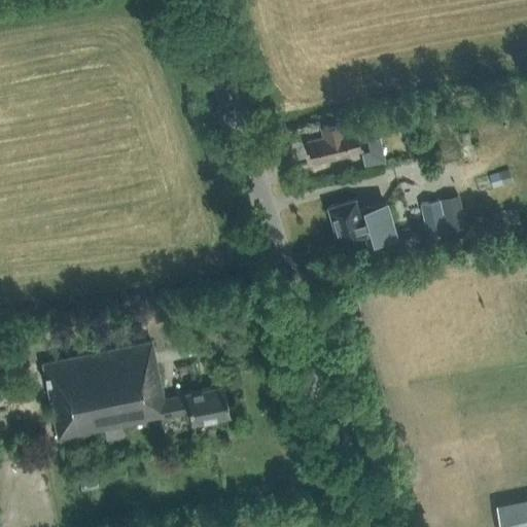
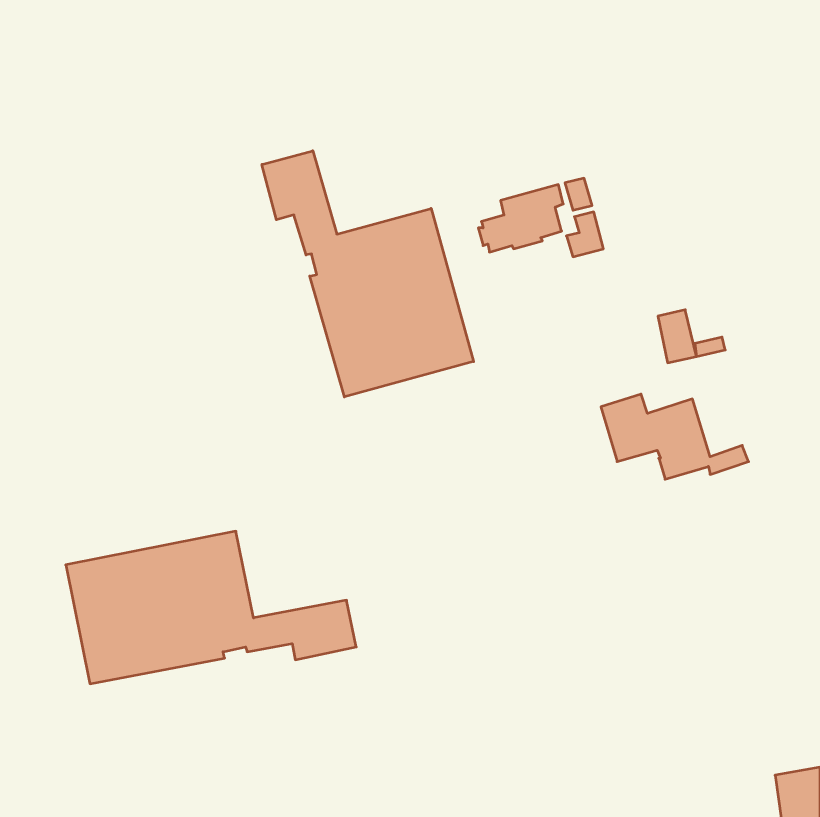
building: none -> [262,151,474,397]
building: [327,200,422,254] -> [601,394,749,479]

